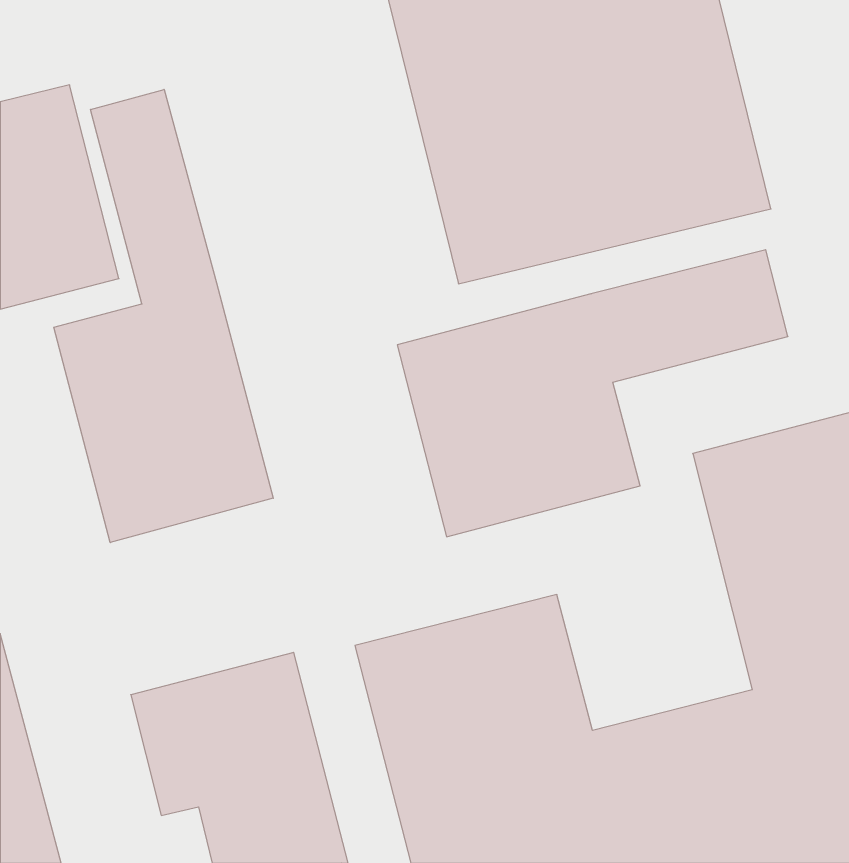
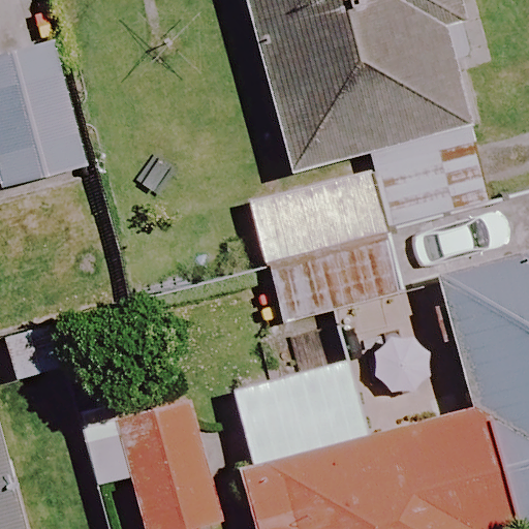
building: [54,89,273,543] -> none

